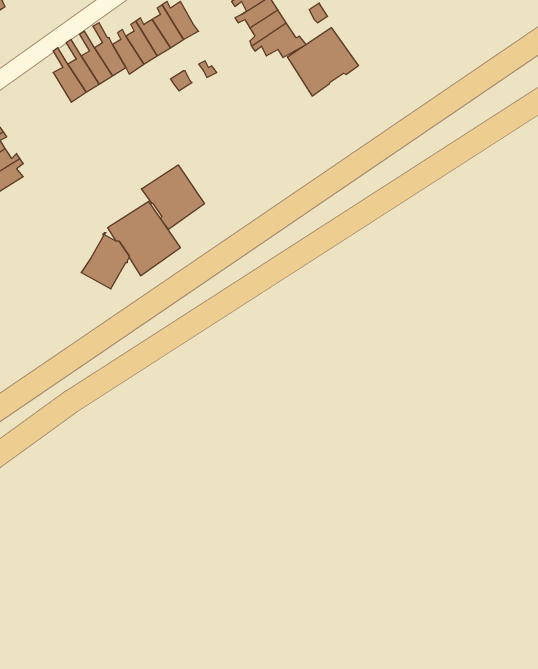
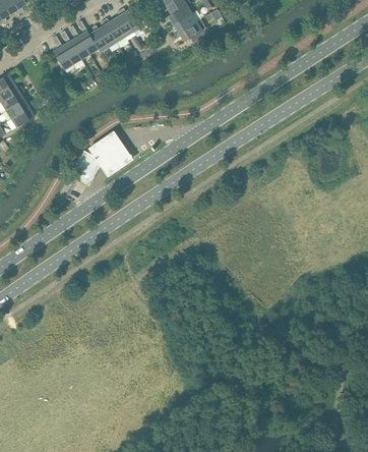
building: [287,28,358,96] -> none
building: [141,165,204,229] -> none

